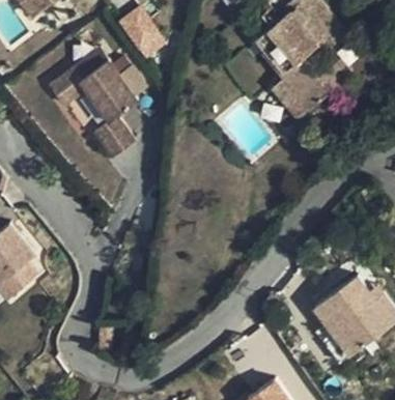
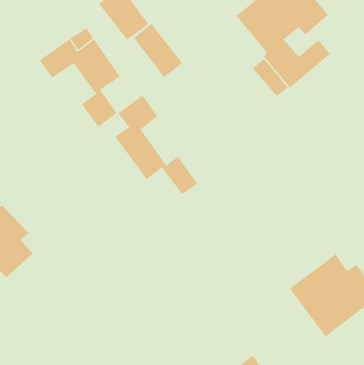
building: none -> [133,23,183,78]
building: none -> [114,95,198,195]

